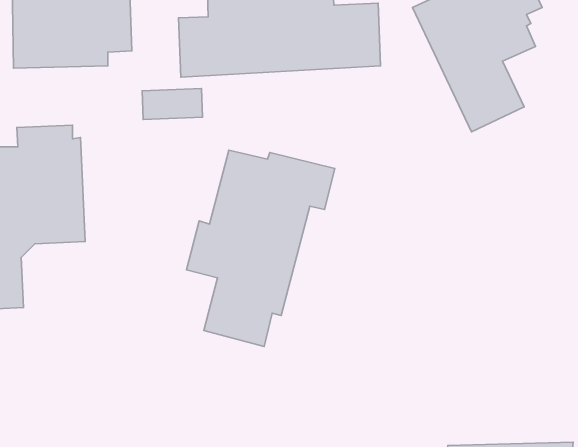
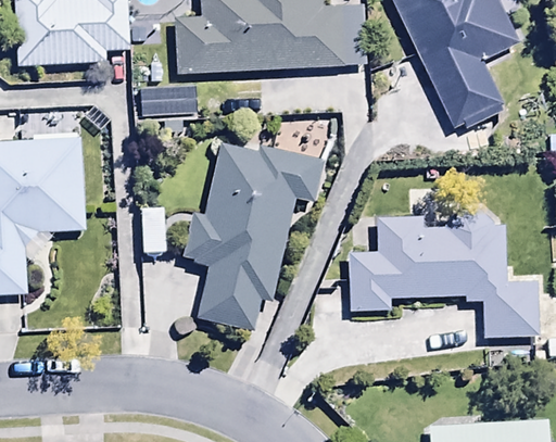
building: none -> [349,207,539,338]

